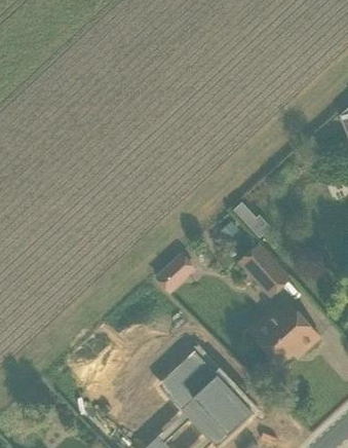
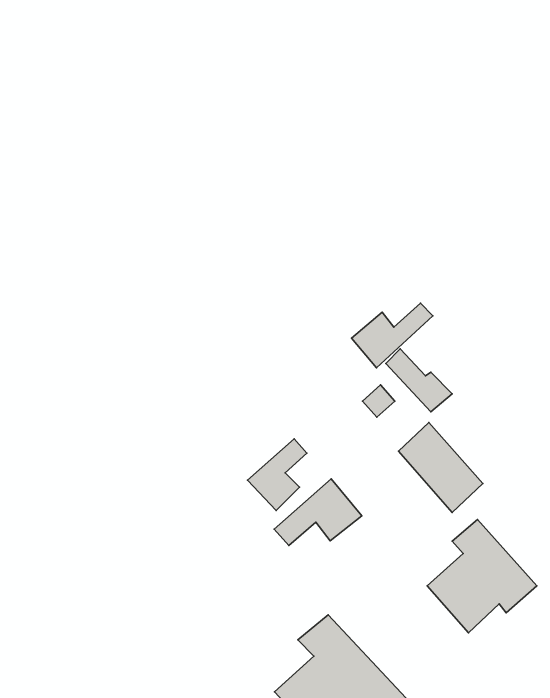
building: none -> [351,303,433,368]
building: none -> [274,479,362,545]

